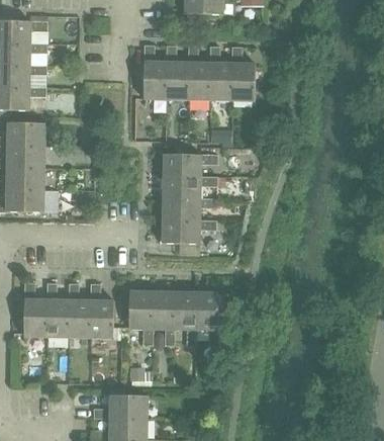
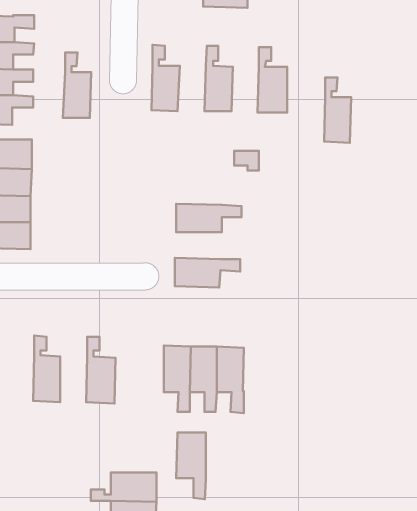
building: [164,45,187,98] -> [63,53,91,118]
building: [208,46,230,99] -> [324,77,351,143]
building: [163,153,217,175] -> none
building: [162,197,216,219] -> none
building: [23,282,46,336] -> none
building: [68,283,90,337] -> none
building: [128,290,153,345] -> [176,433,206,499]

